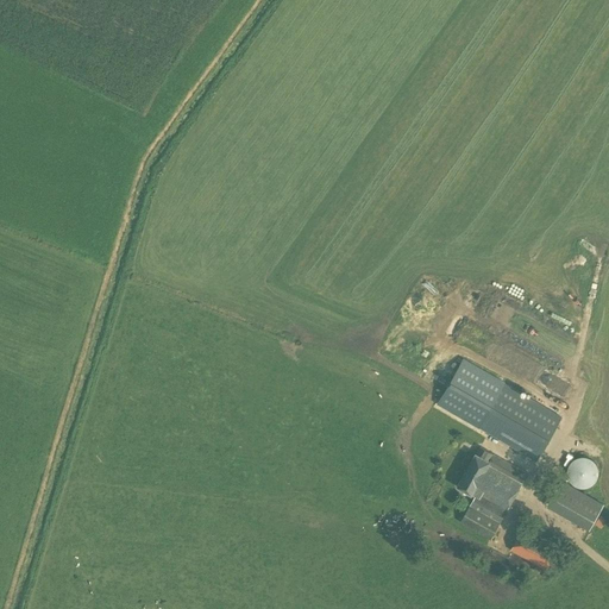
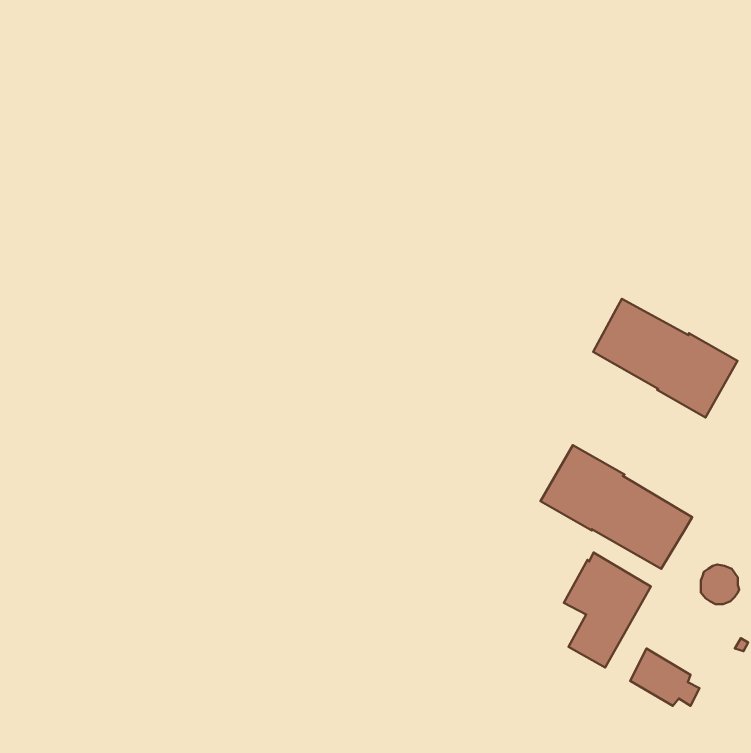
building: none -> [593,299,737,417]
building: [544,485,601,529] -> none

